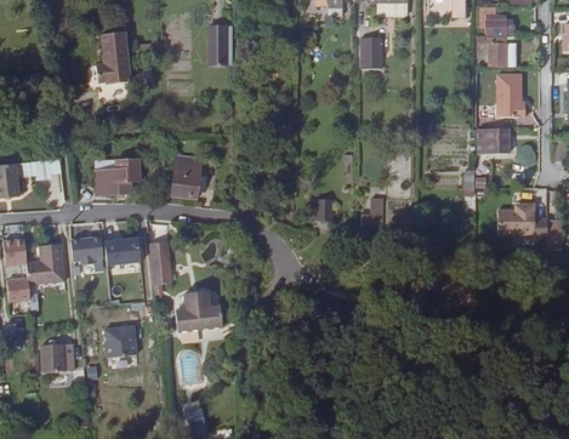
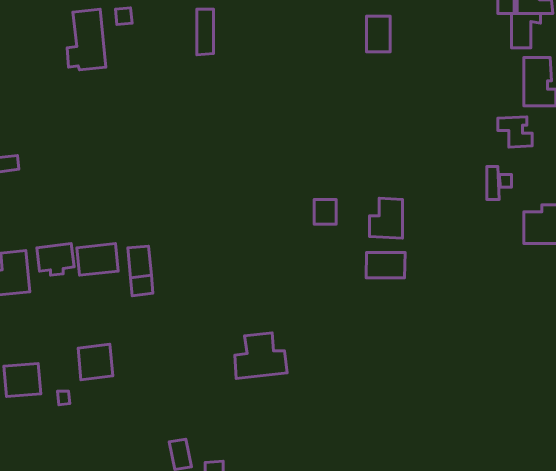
building: [170,155,199,198] -> none
building: [93,158,140,195] -> none
building: none -> [366,252,405,278]
building: [173,291,220,331] -> [235,333,287,378]

